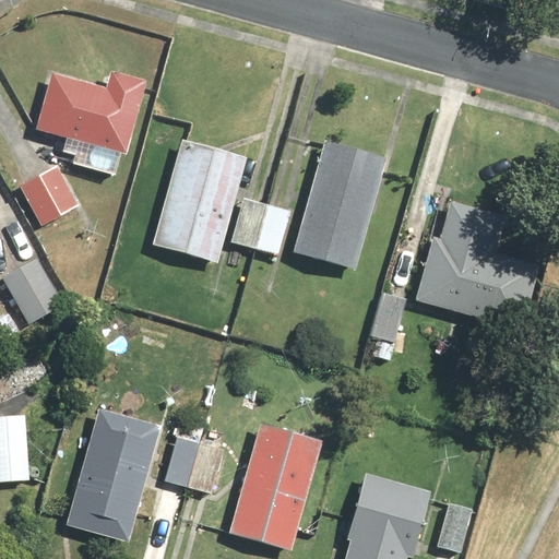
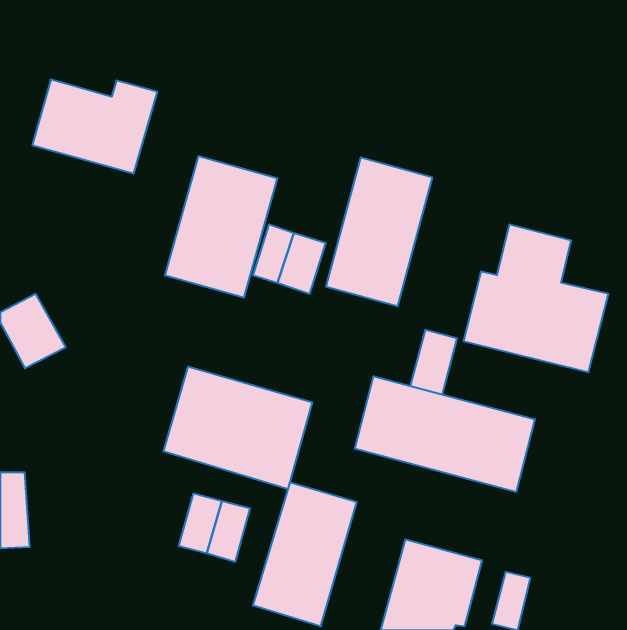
building: [22,165,83,226] -> none
building: none -> [163,367,312,489]
building: none -> [355,376,535,492]
building: [64,407,159,542] -> none

